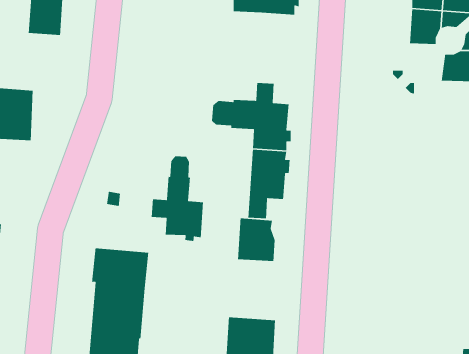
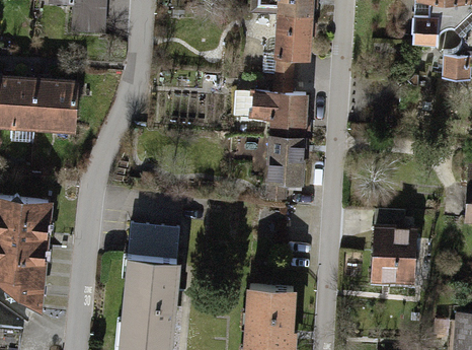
building: none -> [262,13,313,76]
building: [151,155,204,242] -> none
building: [237,217,276,262] -> none
building: none -> [373,209,415,287]

